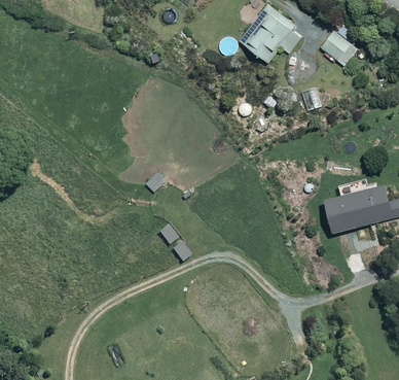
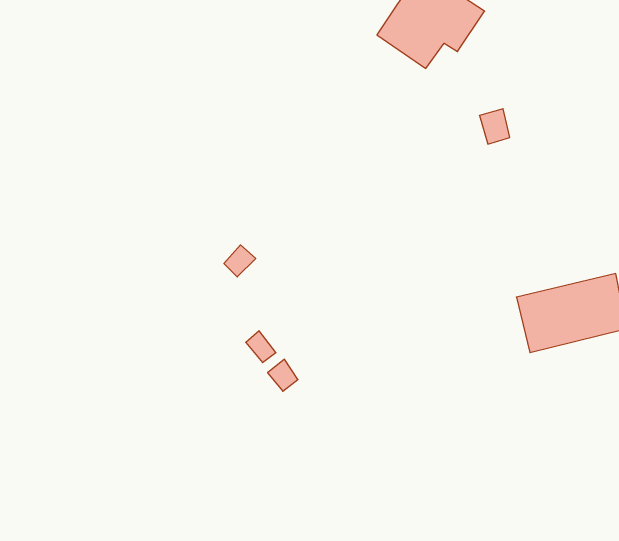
building: [321,28,360,65] -> none

